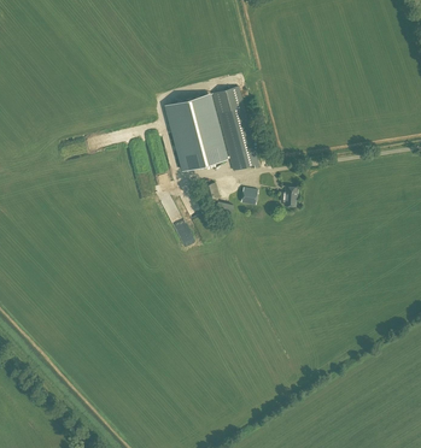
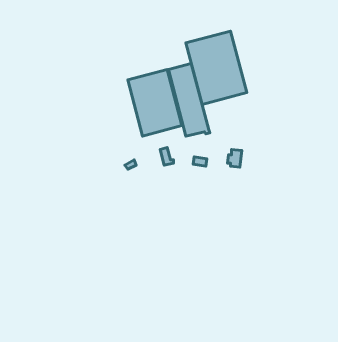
building: none -> [186,31,247,104]

